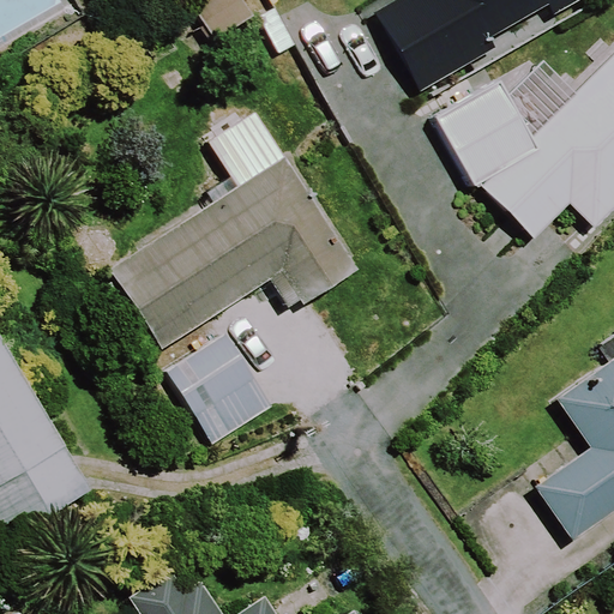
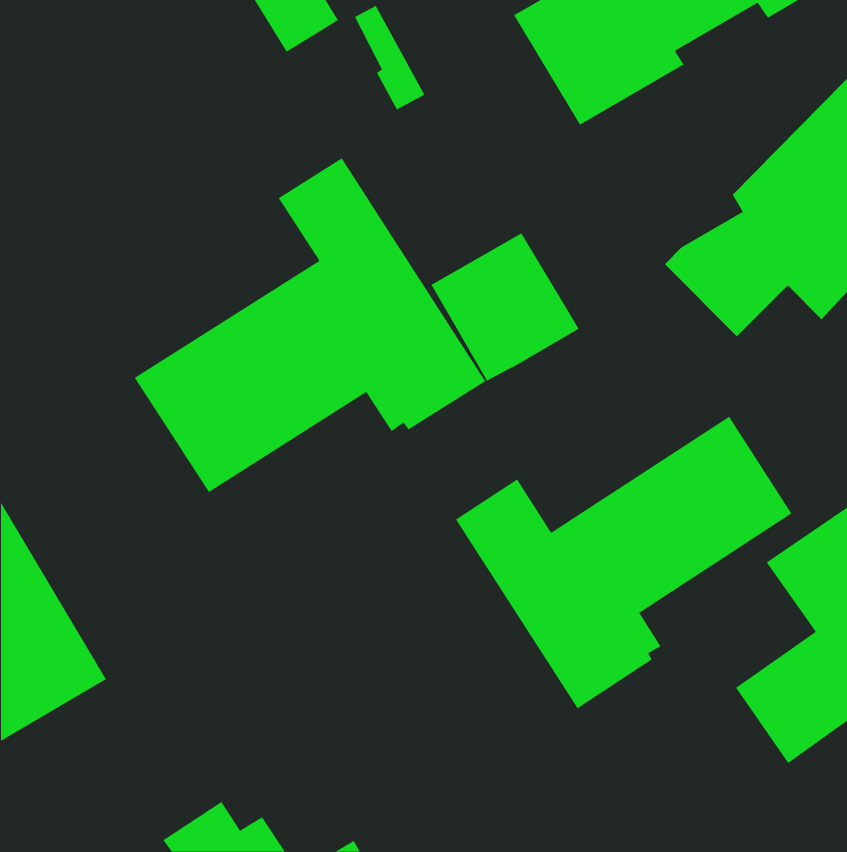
building: [433,82,538,187] -> [430,232,580,381]
building: none -> [455,416,792,709]
building: [169,331,276,441] -> none

